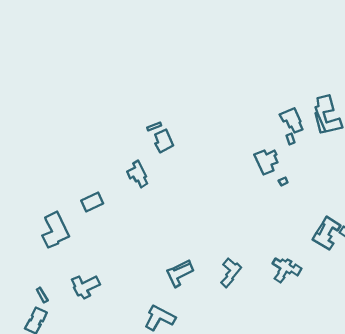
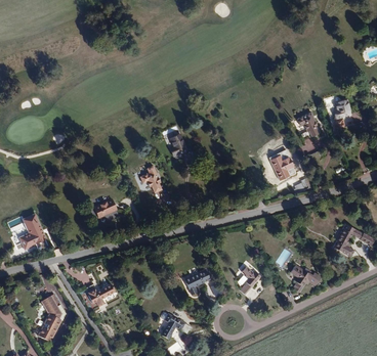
building: [42,212,69,248] -> [19,213,47,250]

